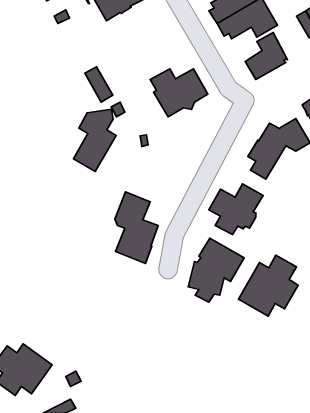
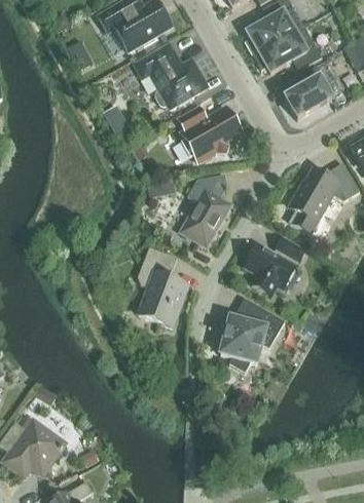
building: none -> [135,44,207,108]
building: [73,109,116,172] -> [181,175,229,245]
building: [238,255,298,316] -> none

